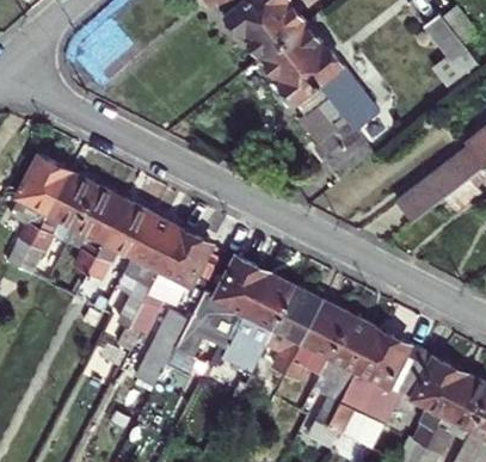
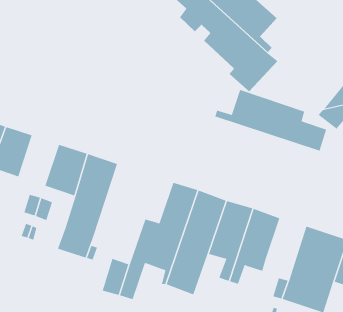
building: none -> [214,89,327,151]
building: [72,180,121,238] -> none
building: [142,227,210,308] -> none
building: [325,315,374,372] -> none

